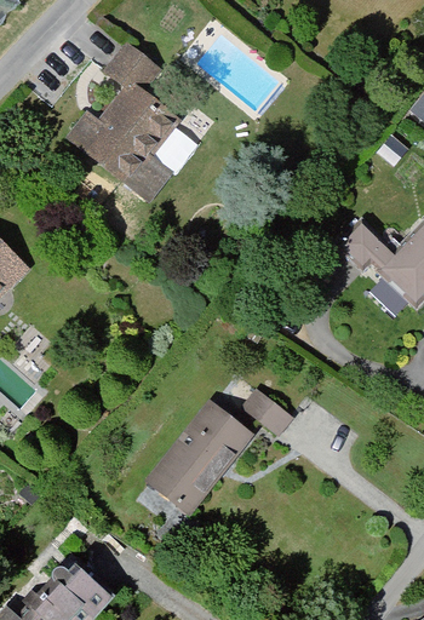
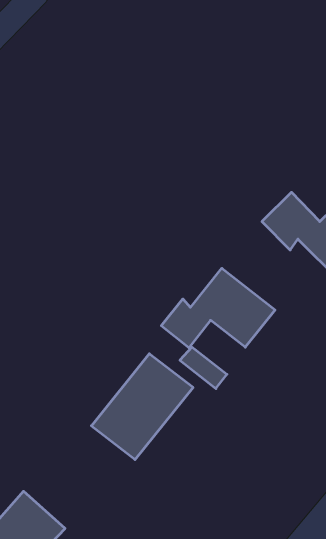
building: [62,48,177,207] -> none
building: none -> [161,268,275,348]

